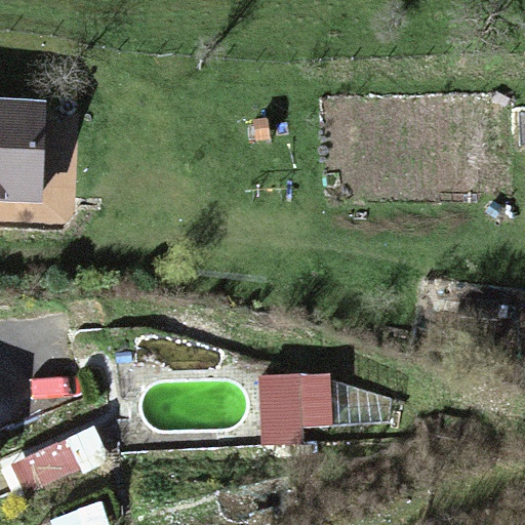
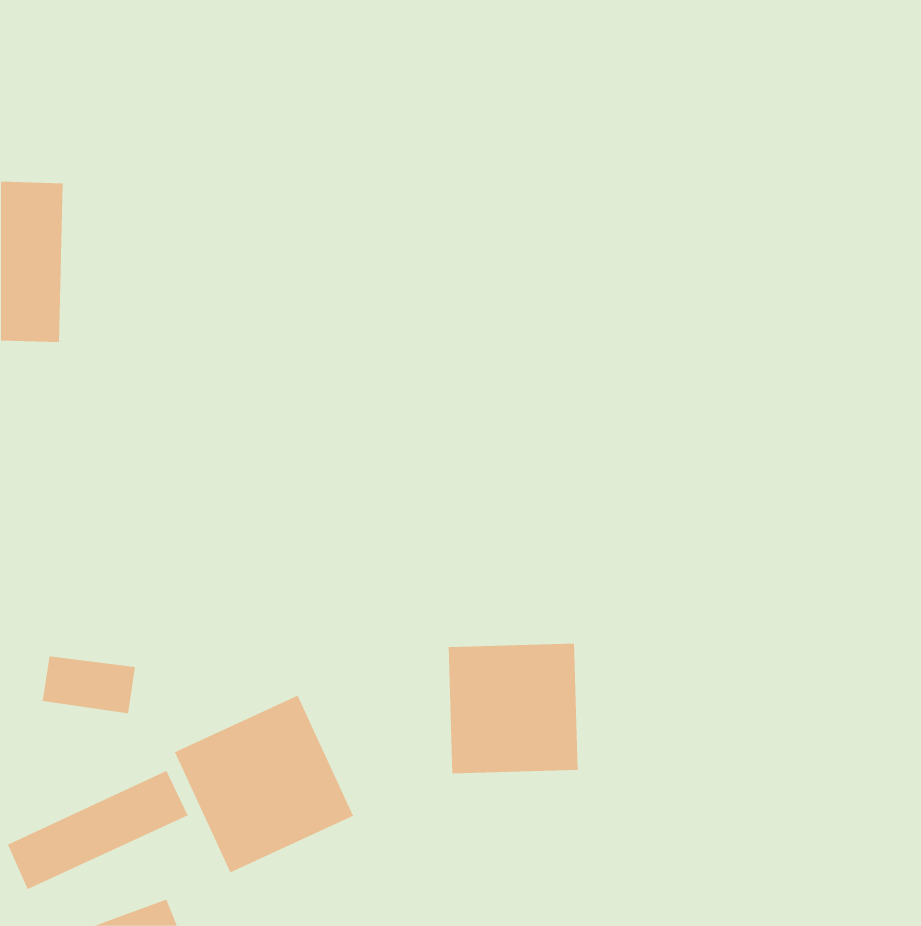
building: none -> [174,695,354,873]

